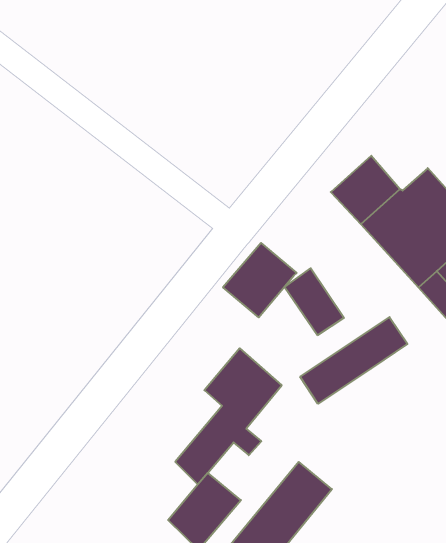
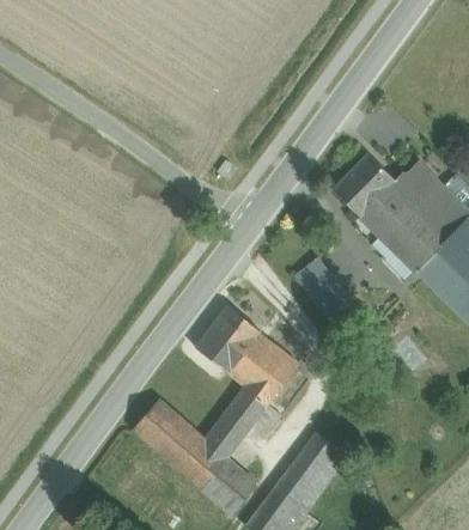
building: [223,243,297,317] -> [194,305,260,372]
building: [300,317,407,404] -> none
building: none -> [132,398,226,491]

